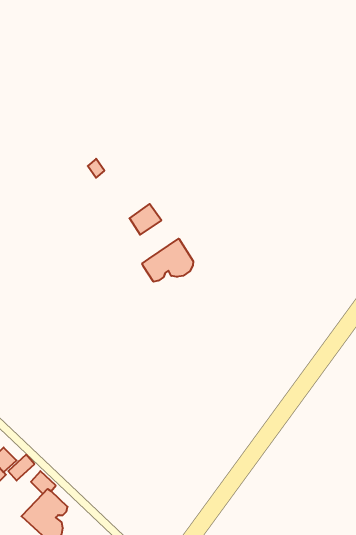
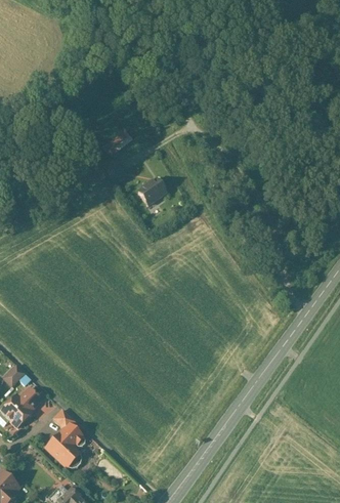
building: [142,239,193,282] -> none

